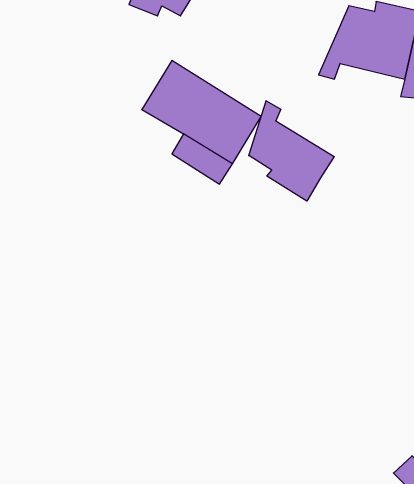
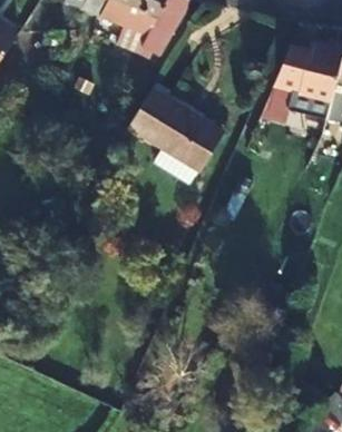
building: [249,101,334,201] -> none

